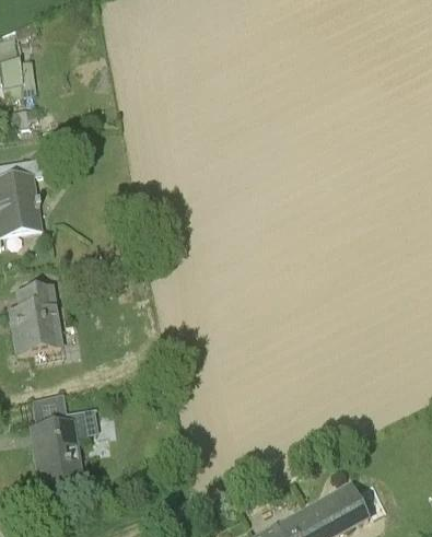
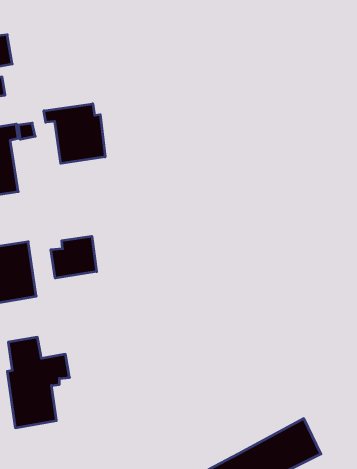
building: none -> [44,104,105,163]
building: none -> [51,236,97,278]

